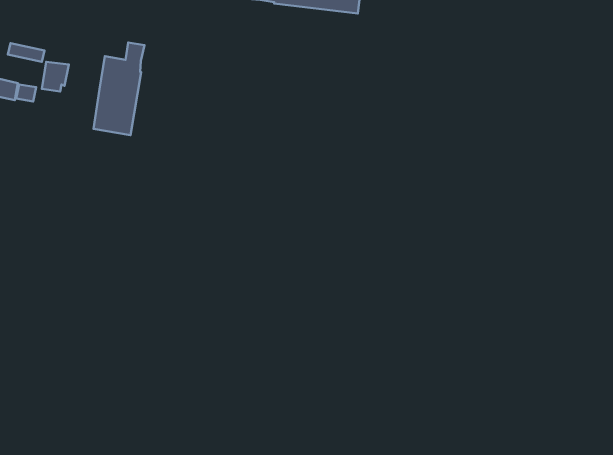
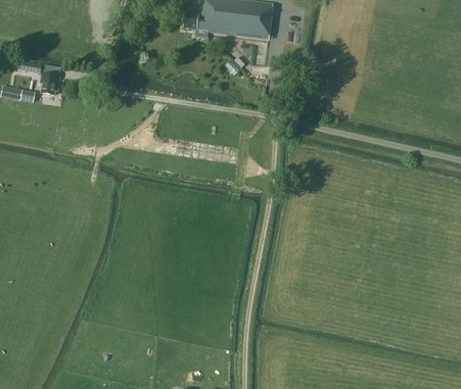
building: [94,43,145,135] -> none

